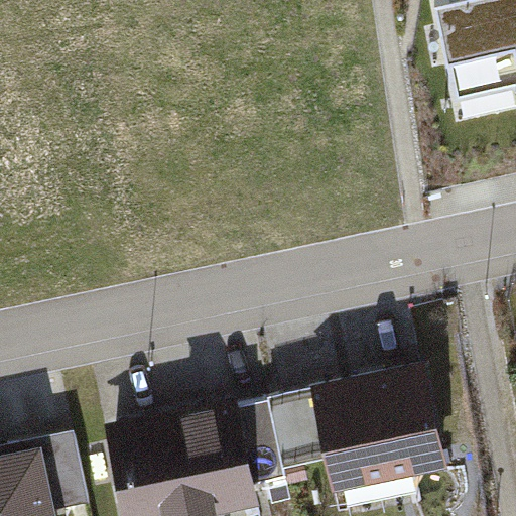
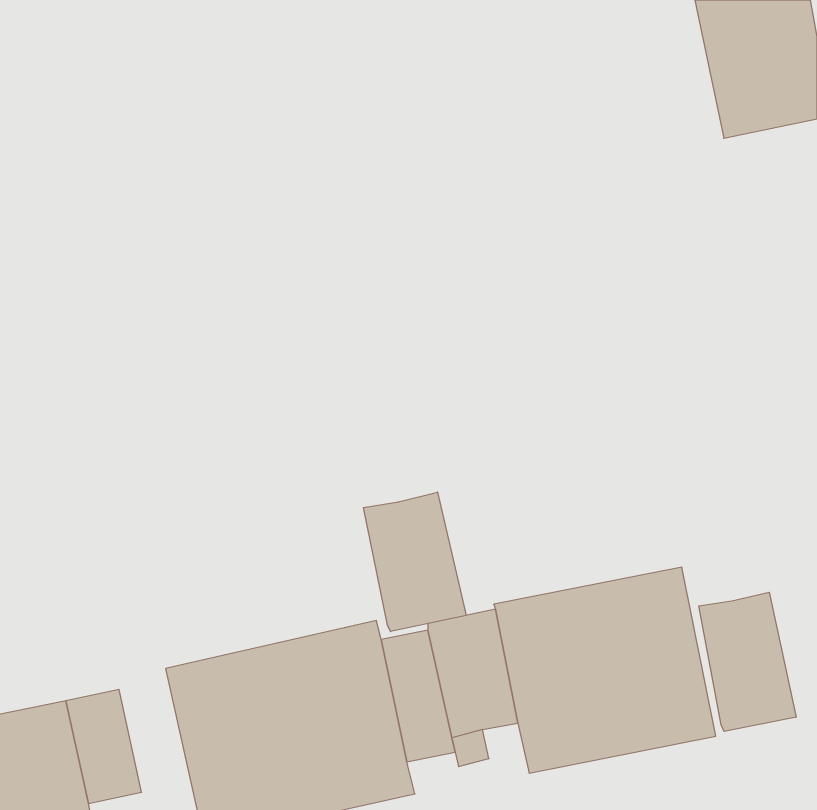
building: none -> [364,492,466,632]
building: none -> [699,592,796,731]

